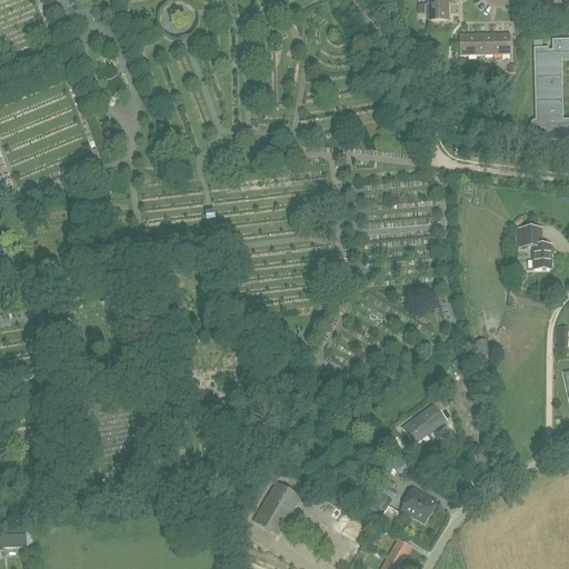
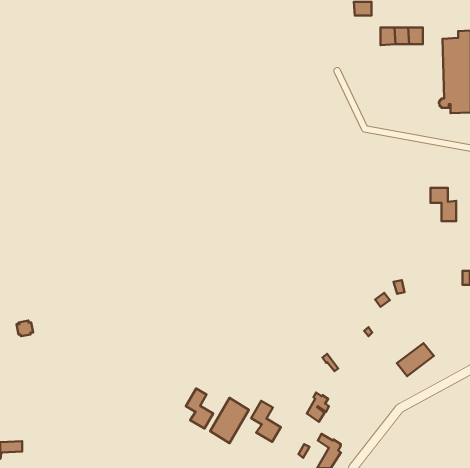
building: [402,402,447,442] -> [397,343,434,376]
building: none -> [186,388,213,428]
building: none -> [251,401,281,442]
building: [400,490,436,525] -> none

